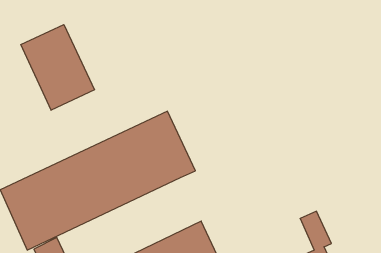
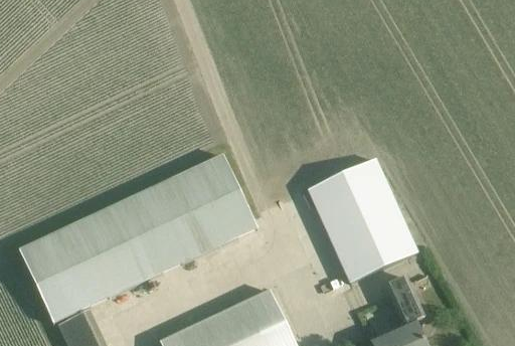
building: [21,25,94,110] -> none
building: none -> [309,159,417,282]

